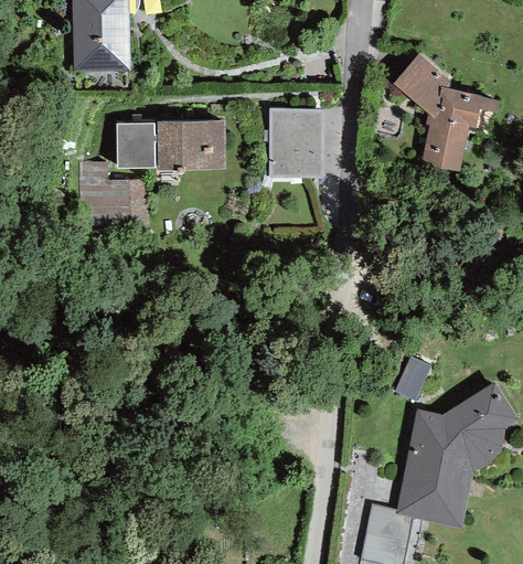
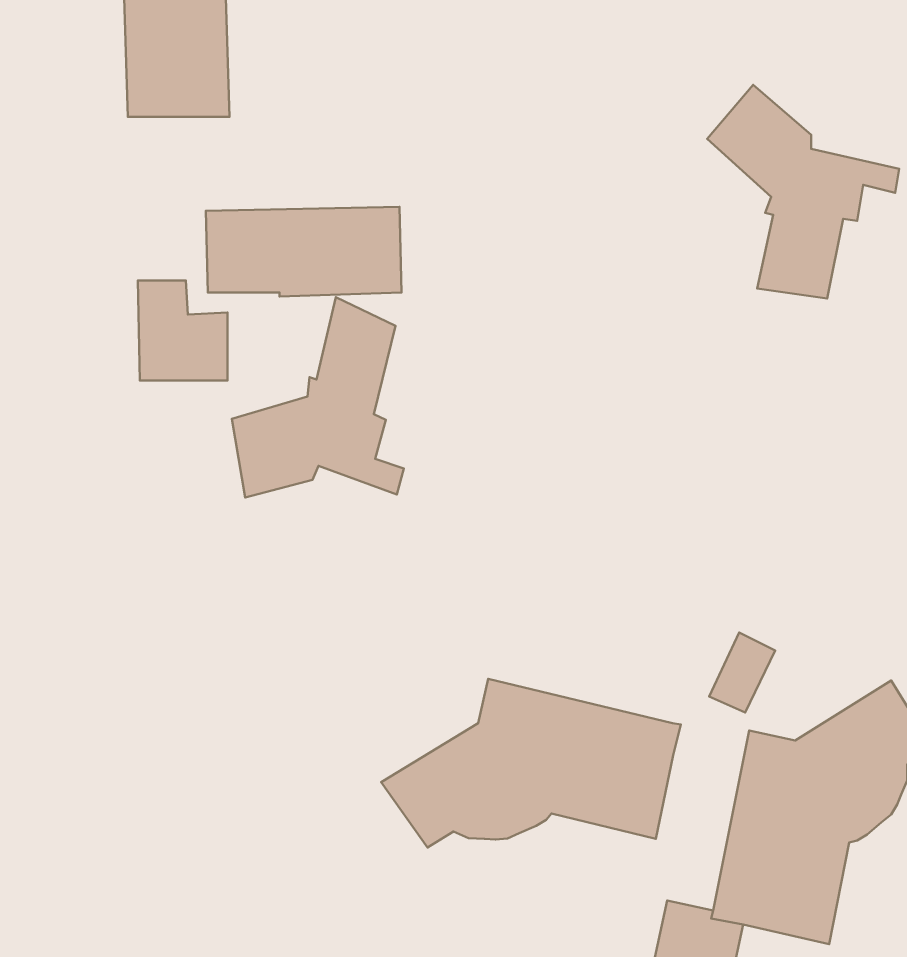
building: [268,107,322,179] -> none
building: none -> [232,297,404,498]
building: none -> [381,679,681,848]

